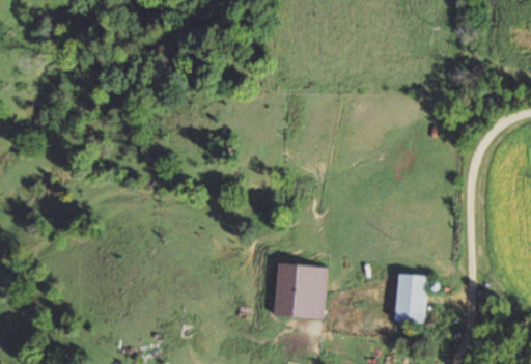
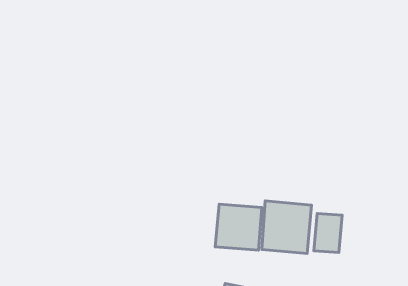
building: none -> [262,201,312,254]

